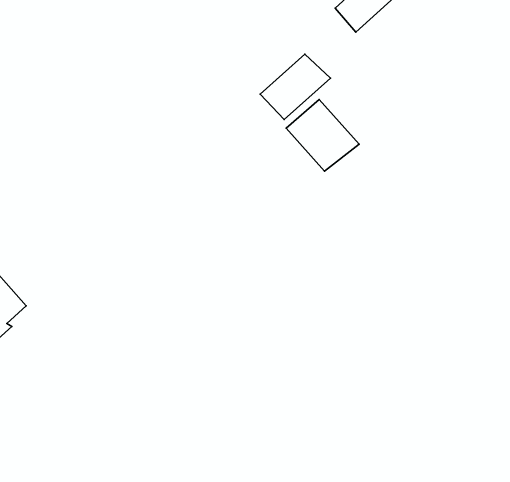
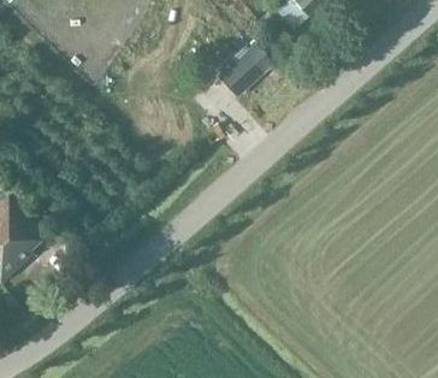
building: [286,100,359,171] -> none

